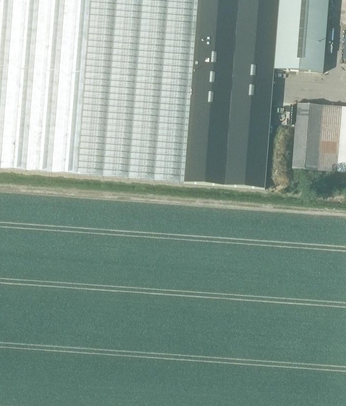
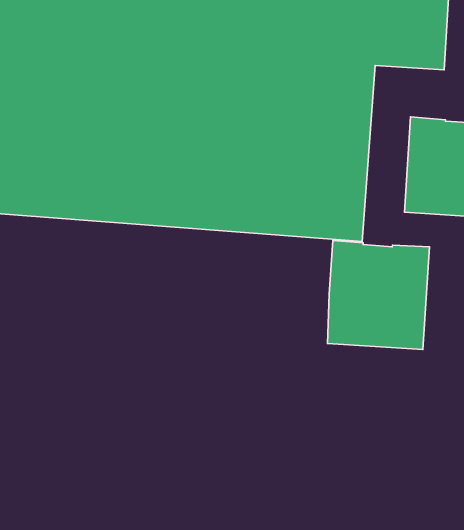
building: none -> [327,241,429,349]

